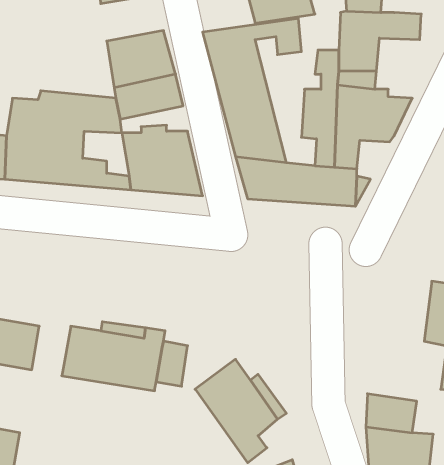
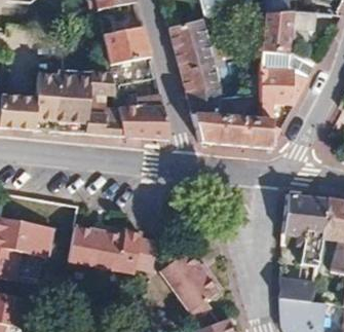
building: none -> [282,194,326,267]

